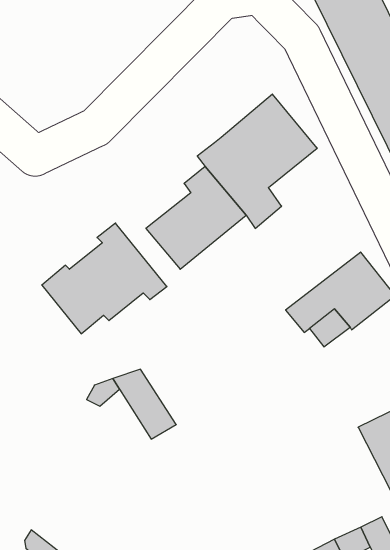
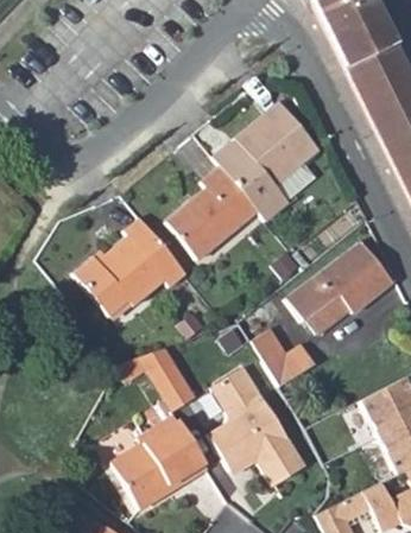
building: none -> [252,328,317,387]
building: none -> [209,367,305,484]
building: none -> [114,415,208,507]

